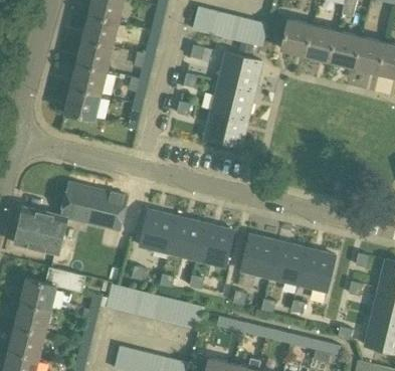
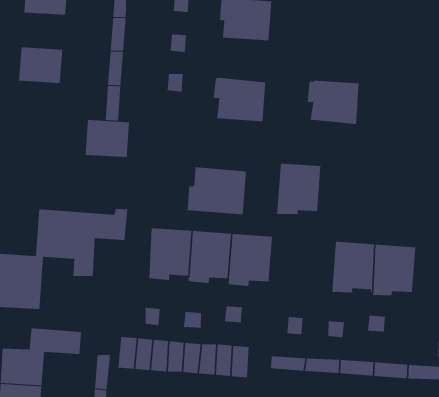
building: [76,39,113,70] -> none
building: [215,81,255,119] -> [307,80,360,124]
building: [64,87,101,120] -> [85,120,130,158]
building: none -> [187,167,246,215]
building: [240,234,278,277] -> [276,163,321,217]

